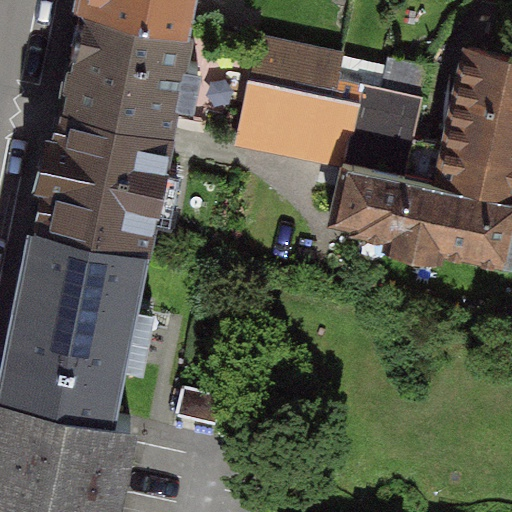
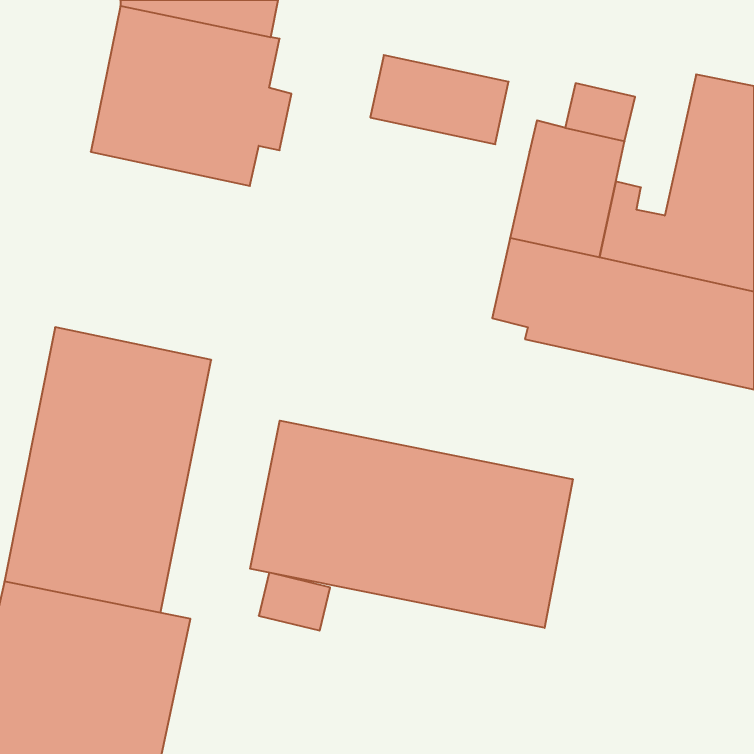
building: [237,83,356,164] -> none
building: [37,106,175,246] -> none
building: none -> [250,421,573,628]

